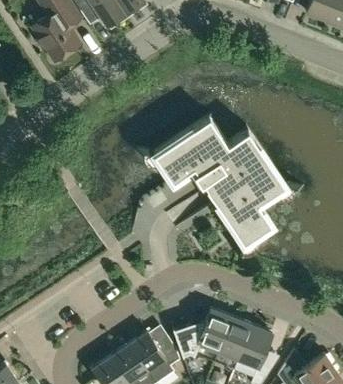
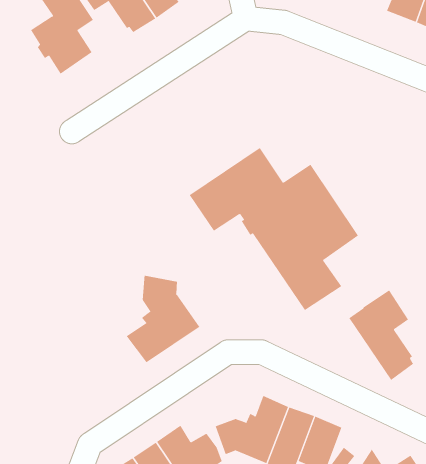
building: none -> [126,275,200,363]
building: none -> [349,289,414,381]

